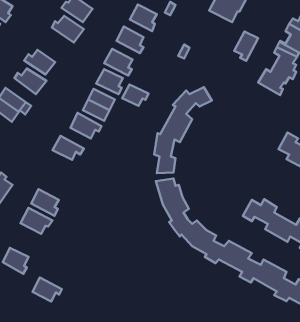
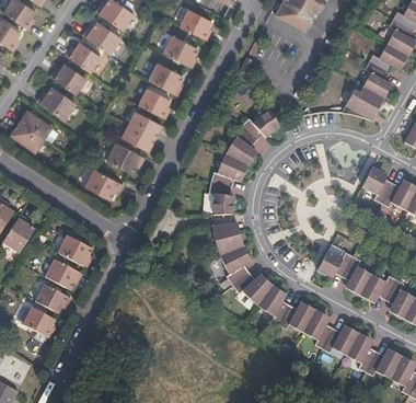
building: [234,31,258,61] -> none
building: none -> [66,43,102,73]
building: [122,84,148,106] -> none
building: [33,277,62,301] -> [35,284,71,313]

